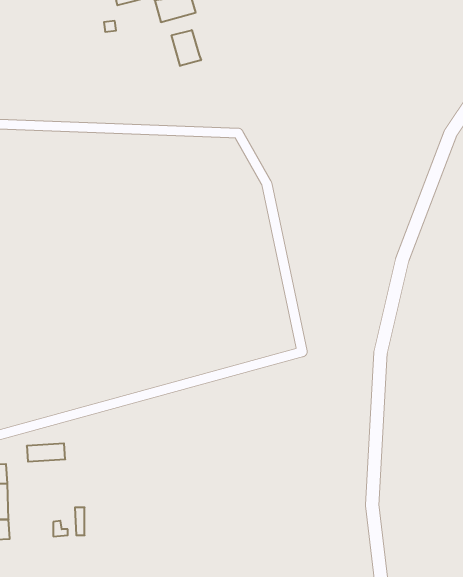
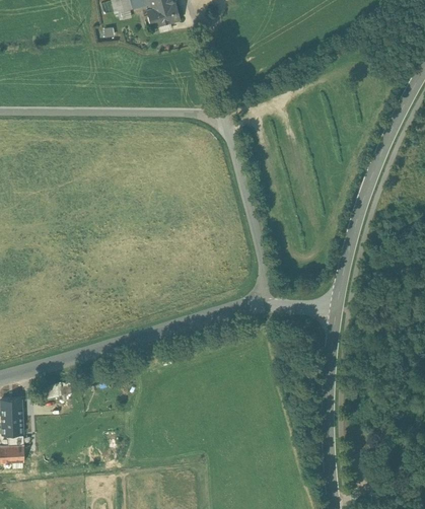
building: [172,30,201,66] -> none

